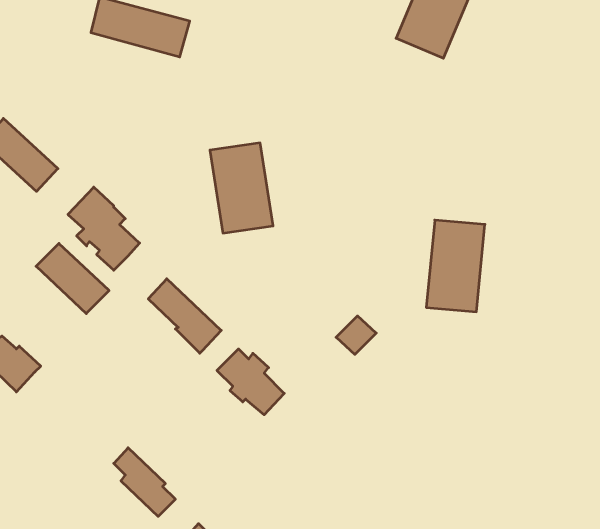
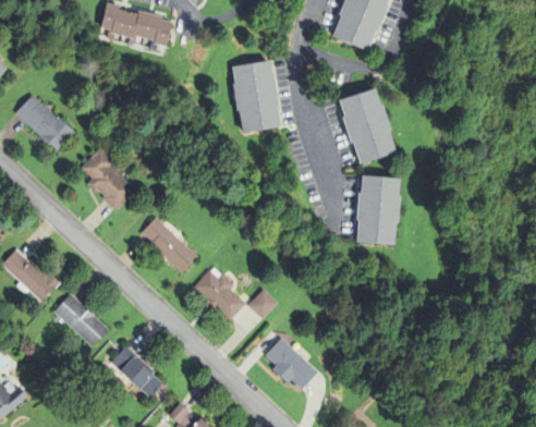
building: none -> [338,88,395,161]
building: [210,143,273,233] -> [231,61,279,130]
building: [36,243,109,314] -> [54,294,110,347]
building: [336,316,376,354] -> [248,290,279,319]
building: none -> [266,338,319,390]

